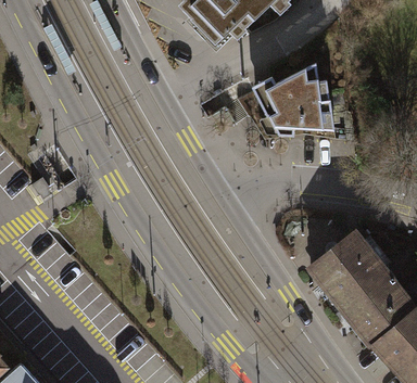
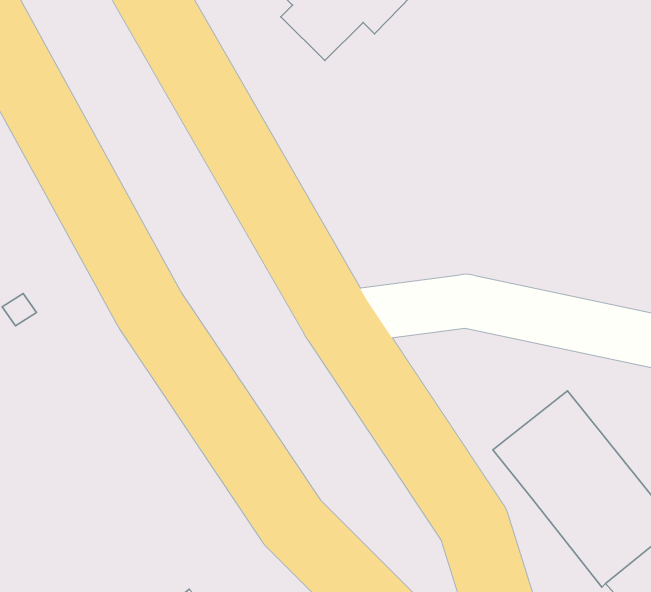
building: [252,62,334,135] -> none

